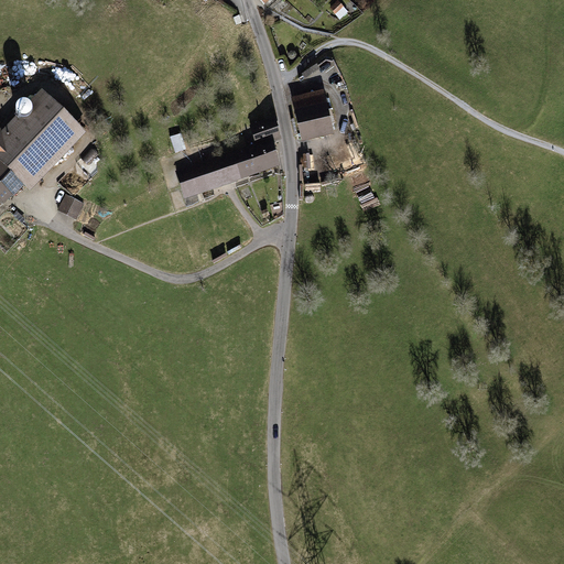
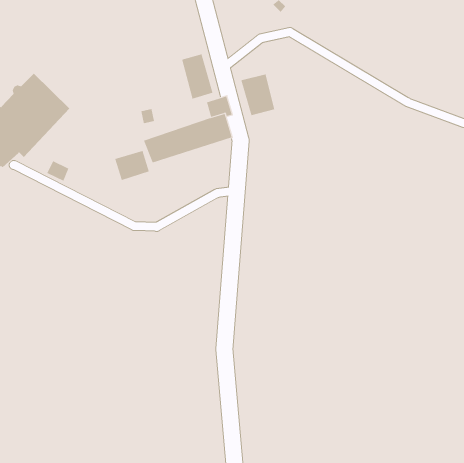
building: none -> [182,54,213,99]
building: none -> [114,150,150,181]

